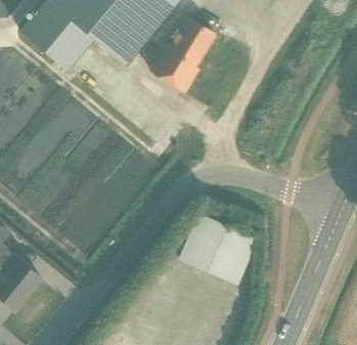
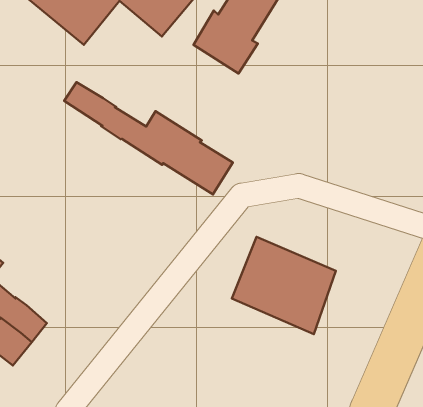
building: none -> [64,82,233,194]

